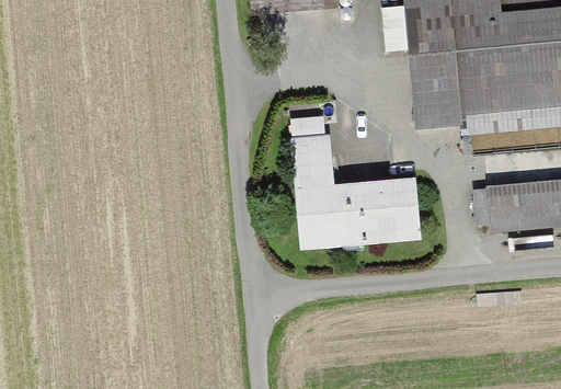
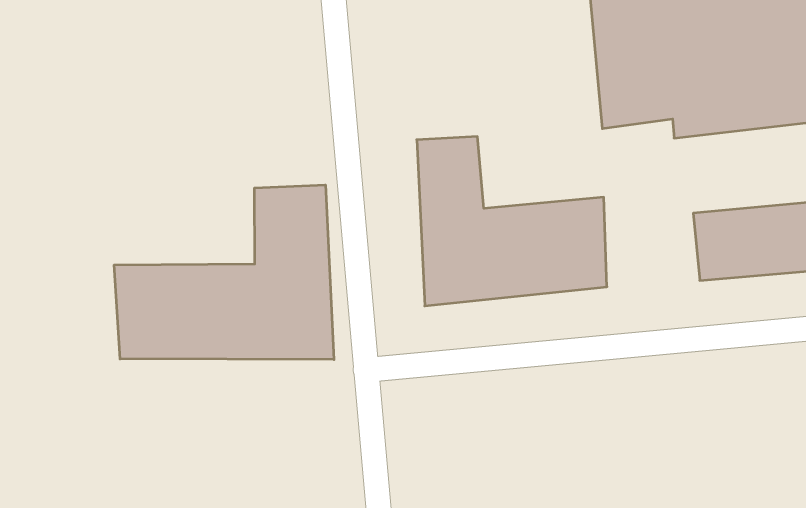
building: none -> [114,185,334,360]

